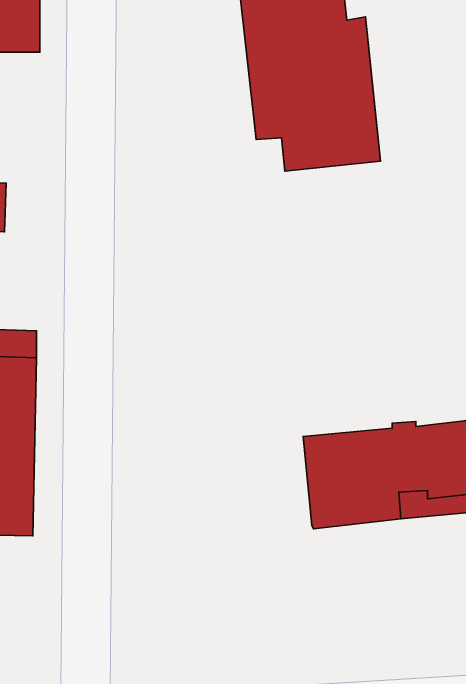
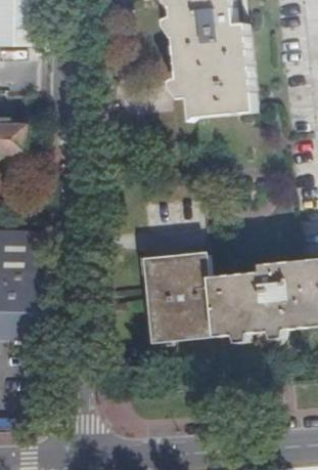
building: none -> [145,253,212,338]

